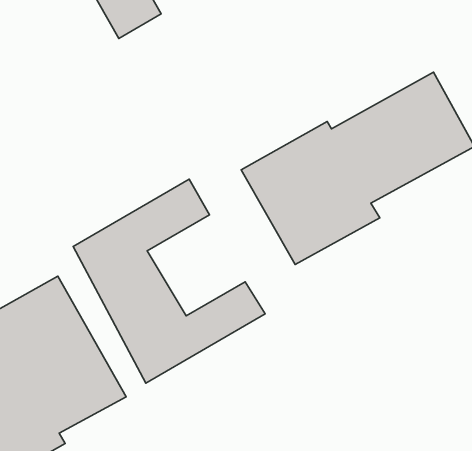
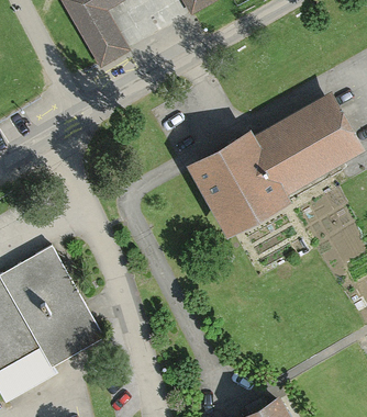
building: [73,179,265,383] -> none

